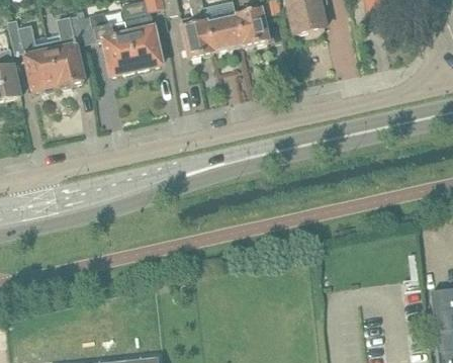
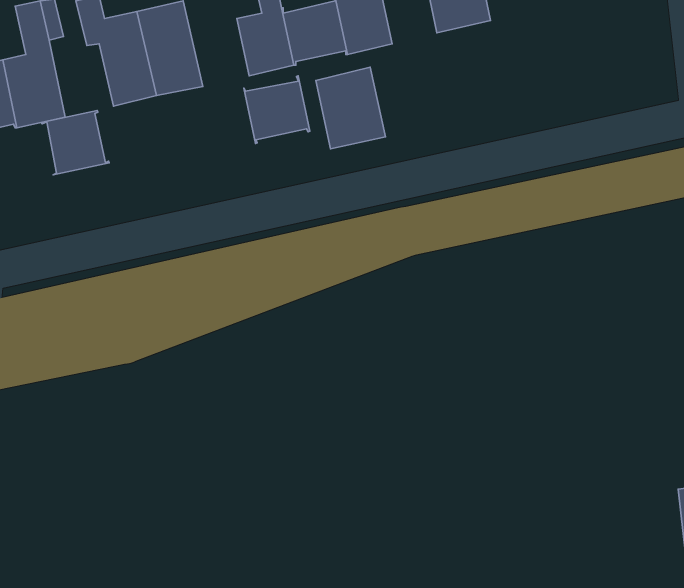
building: none -> [316,67,385,149]
building: none -> [244,76,310,144]
building: none -> [41,111,109,175]

